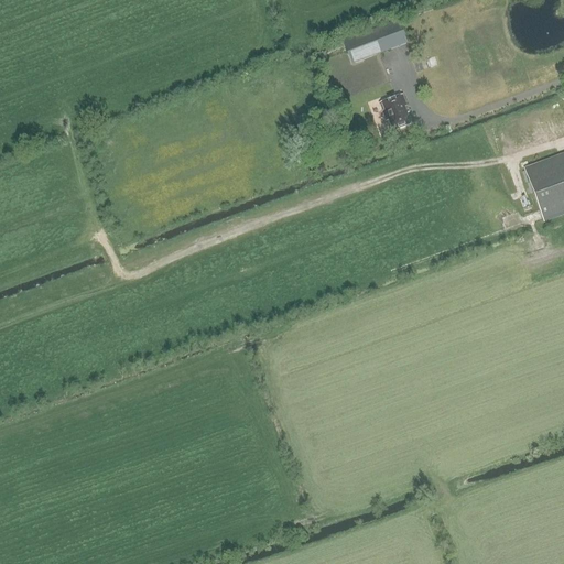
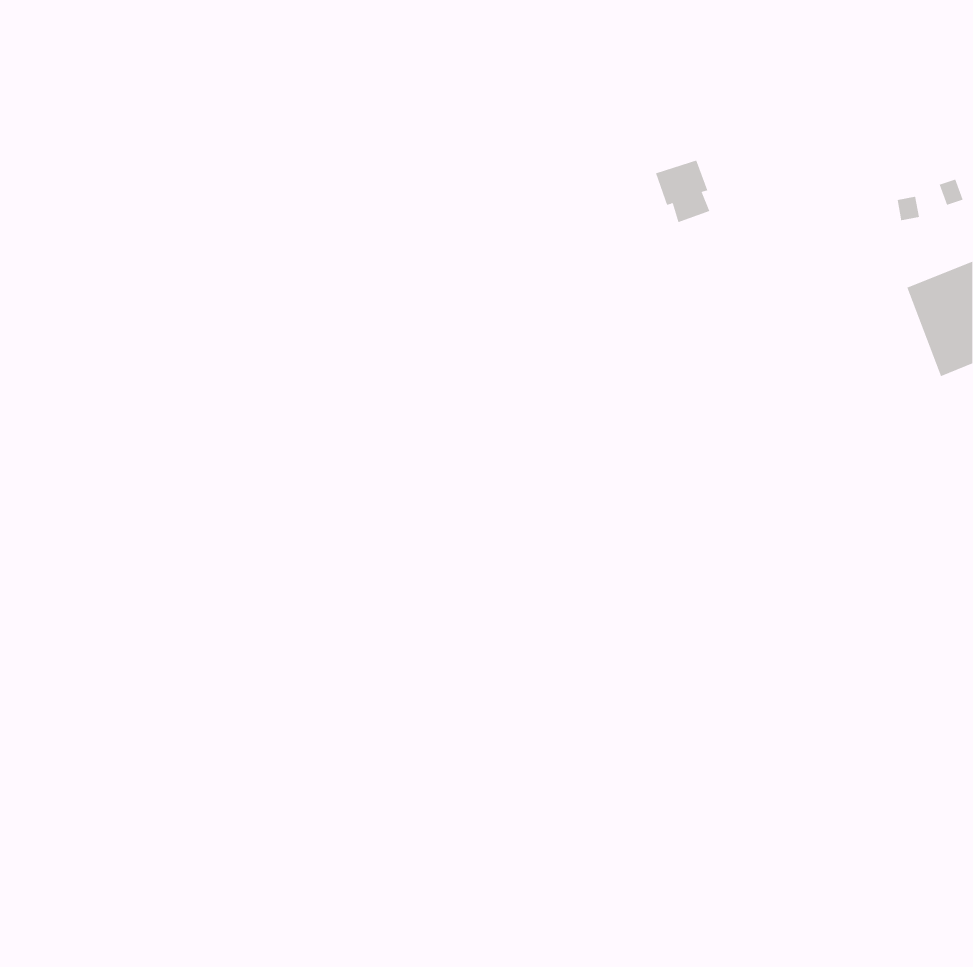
building: [344,20,408,62] -> none

